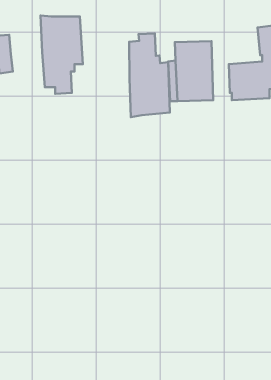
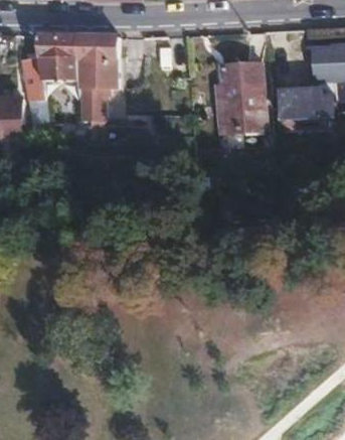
building: none -> [37,35,74,79]
building: [129,34,170,117] -> none

